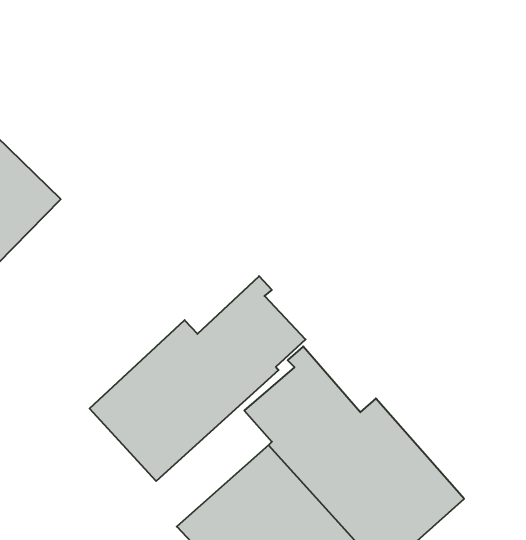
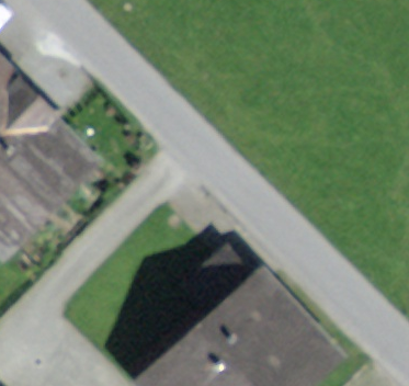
building: [90,276,306,481] -> none

